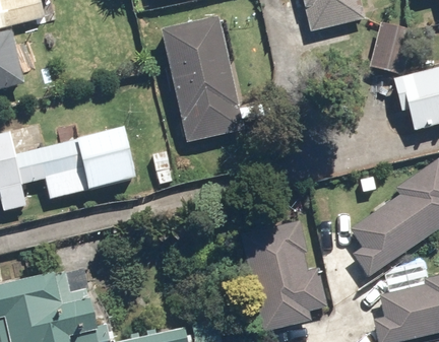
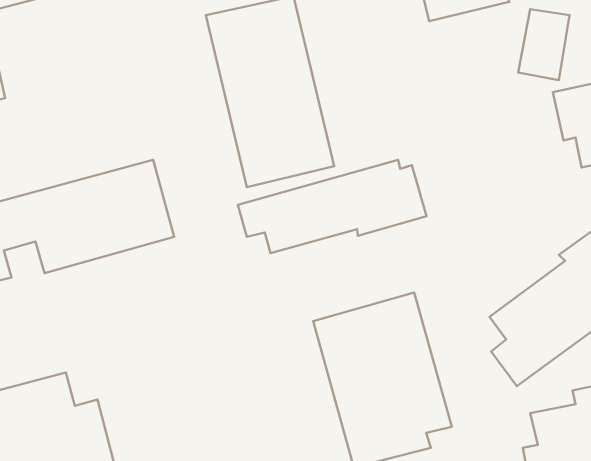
building: none -> [238,160,426,253]

